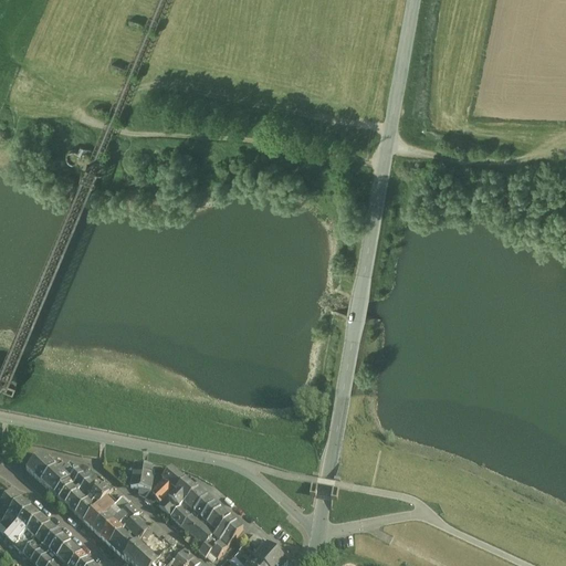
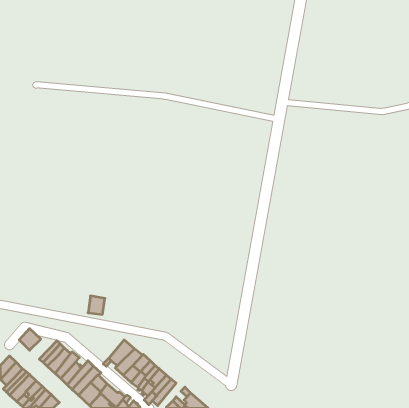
building: [41,464,78,495] -> none
building: [130,464,154,490] -> [88,296,105,314]

